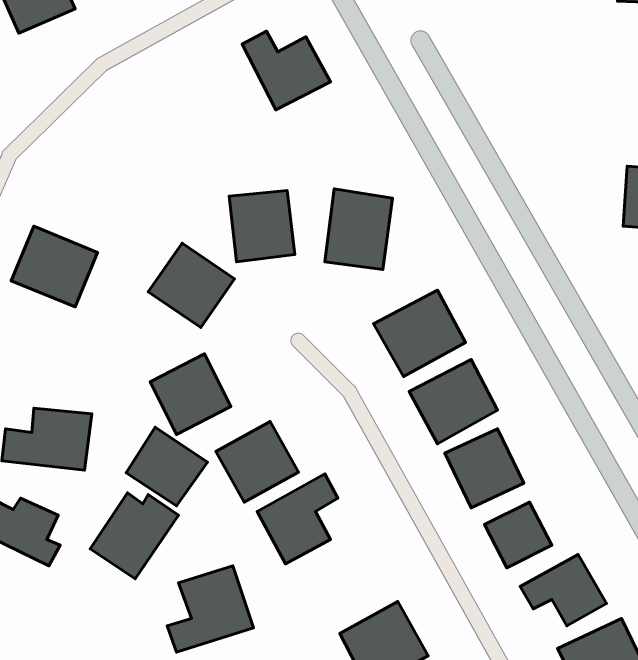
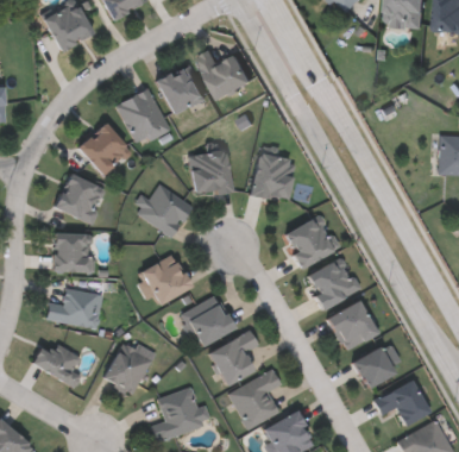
building: none -> [153,63,206,115]
building: none -> [117,87,170,146]
building: none -> [76,123,131,178]
building: none -> [51,234,94,271]
building: [126,427,207,506] -> none
building: none -> [230,371,282,429]

